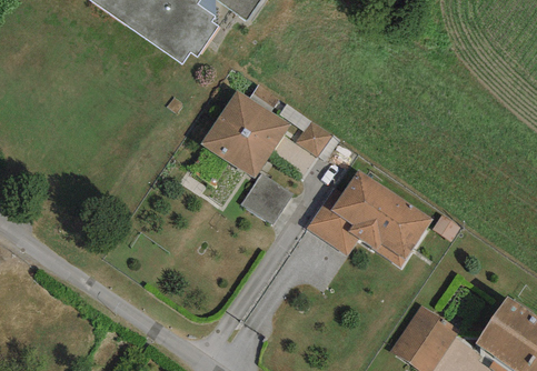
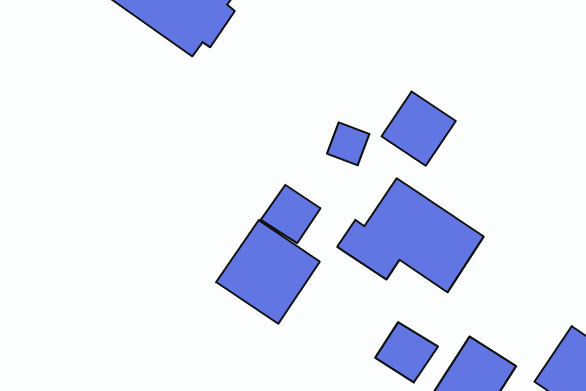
building: [200,90,289,179] -> [216,220,320,324]
building: none -> [382,91,456,166]
building: none -> [375,322,438,383]

